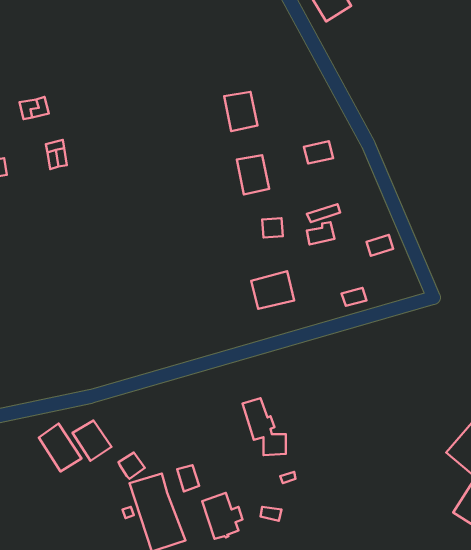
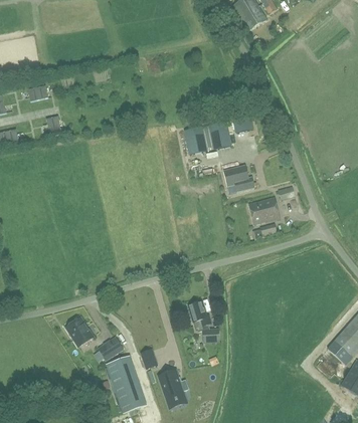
building: [224,92,258,131] -> [207,122,231,150]
building: [251,271,294,309] -> [247,197,279,224]
building: [39,423,82,471] -> none

